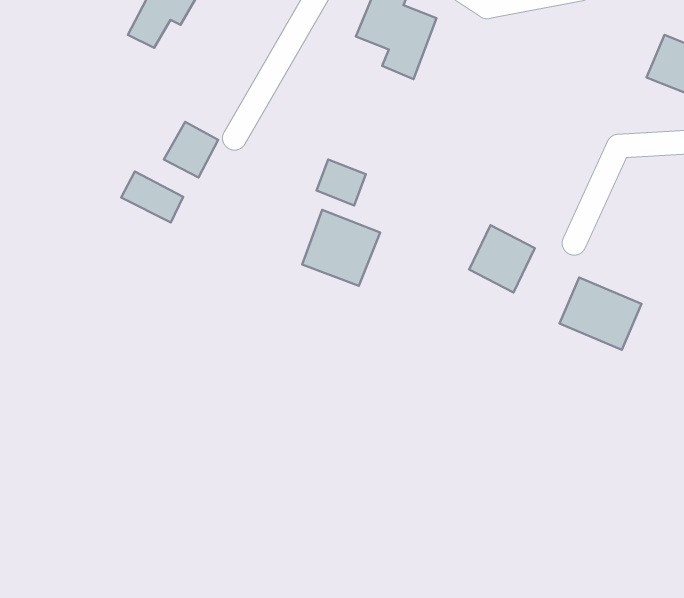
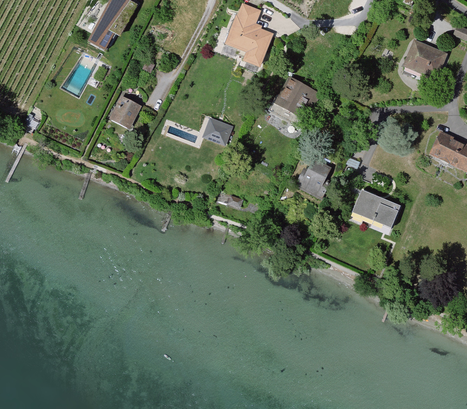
building: none -> [268,74,322,129]
building: [121,171,183,222] -> none
building: [302,210,380,286] -> none

